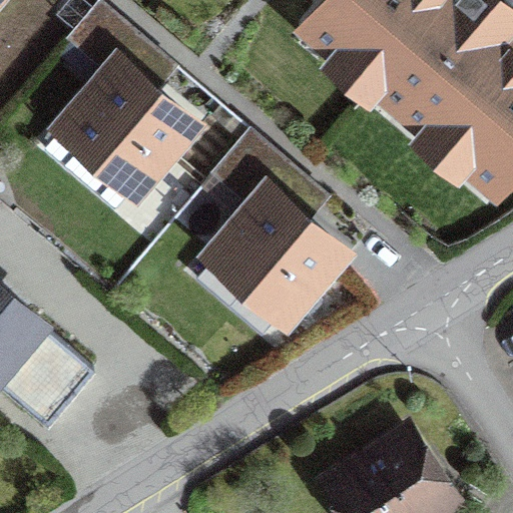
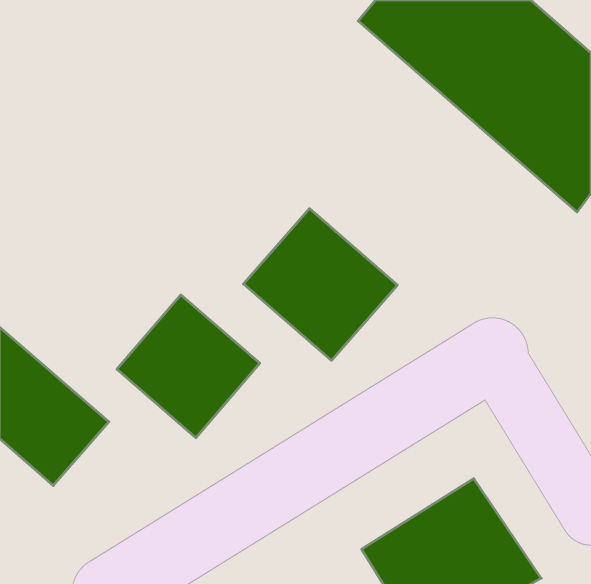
building: [59,63,186,184] -> none
building: none -> [117,295,260,438]

